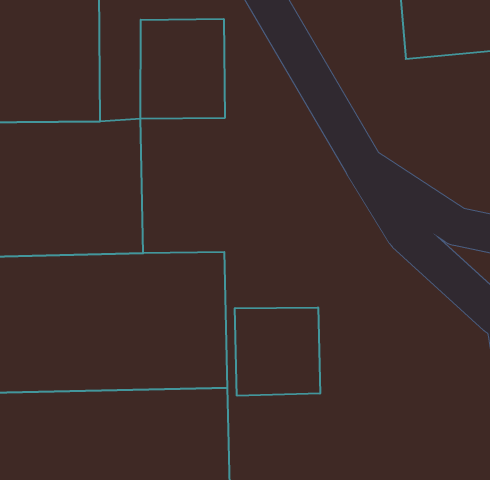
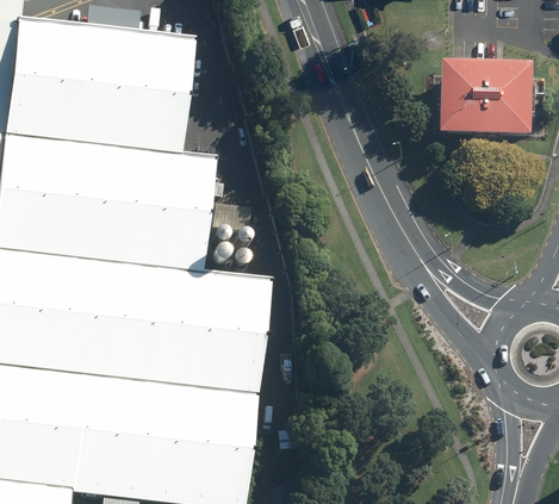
building: [141,19,225,119] -> none
building: [235,307,320,396] -> none

